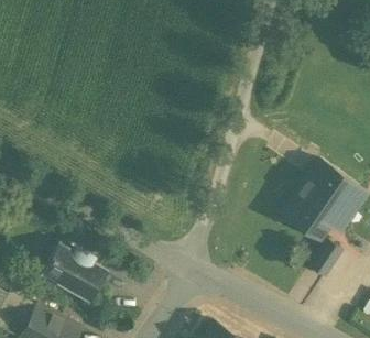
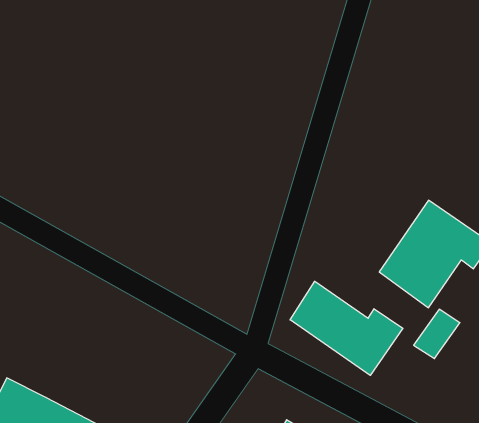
building: none -> [290,281,403,375]
building: [42,242,108,303] -> none

